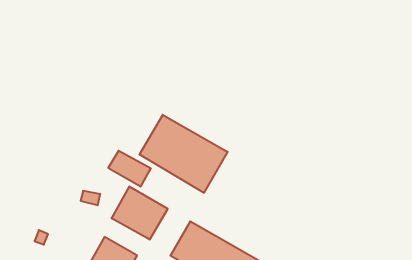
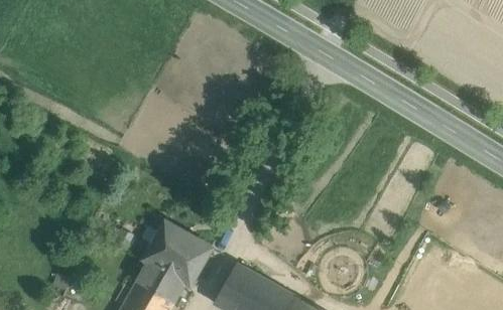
building: [139,115,228,193] -> none
building: [108,151,151,187] -> [135,261,185,303]

